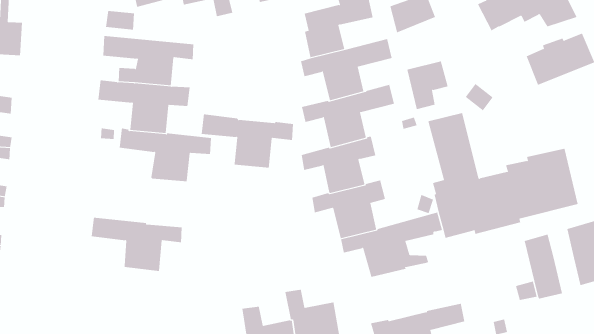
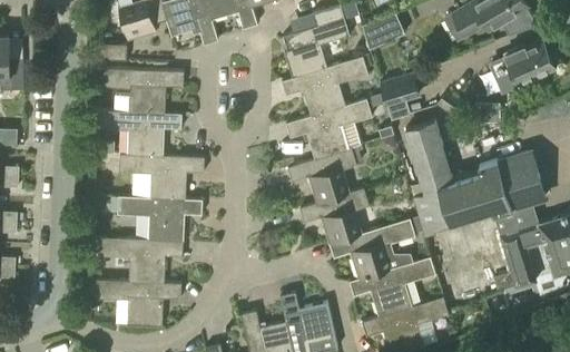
building: [201,114,294,168] -> [116,195,202,242]
building: none -> [348,255,436,317]
building: none -> [95,280,179,325]

